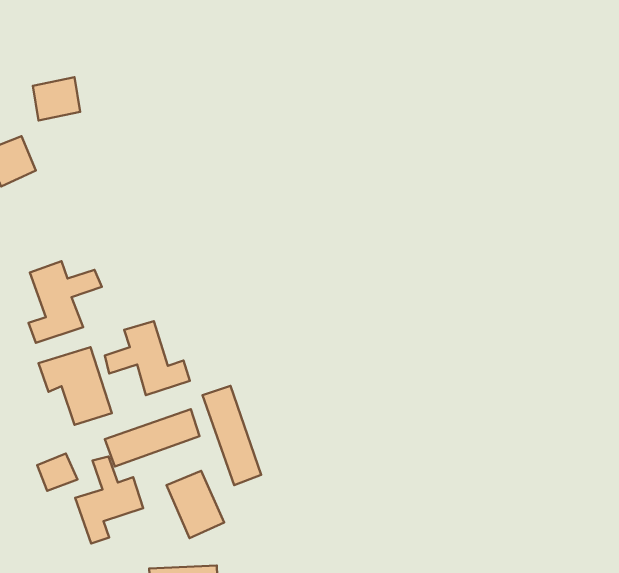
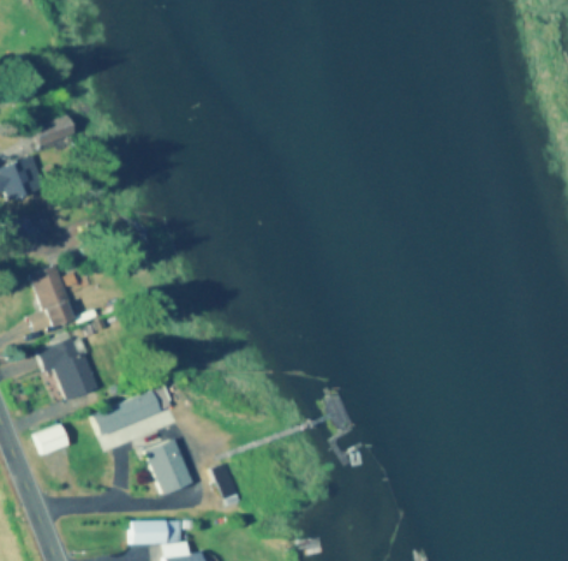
building: [105,321,190,395] -> none
building: [203,386,261,485] -> none
building: [75,456,143,543] -> none

